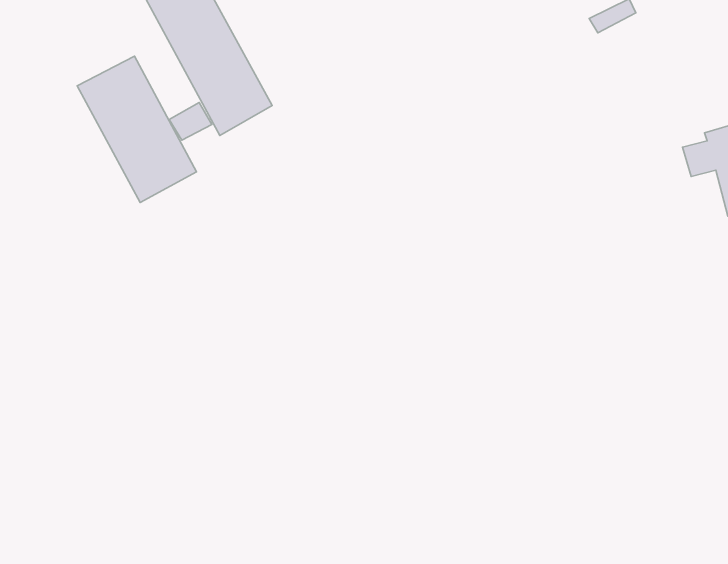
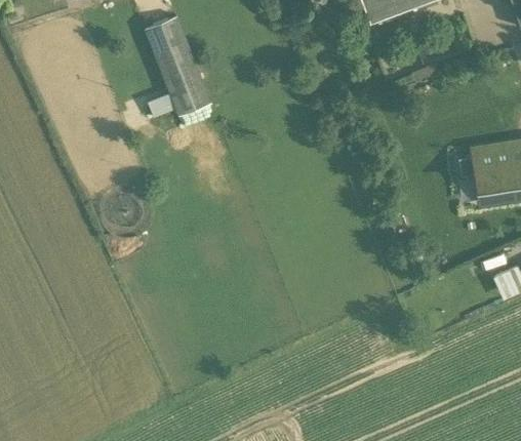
building: [77,56,197,202] -> none

